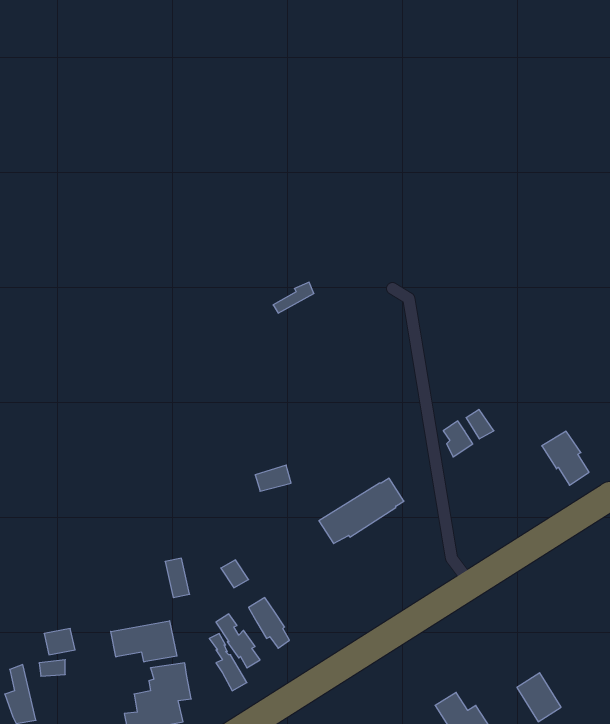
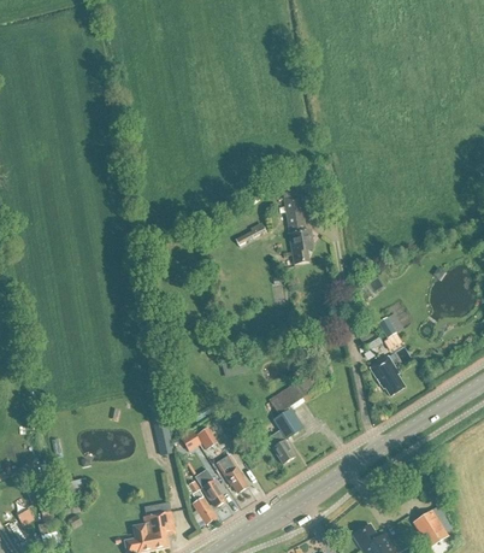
building: none -> [283,194,313,263]
building: [542,431,589,485] -> [370,355,405,395]
building: none -> [268,408,302,463]
building: [111,621,177,662] -> none

